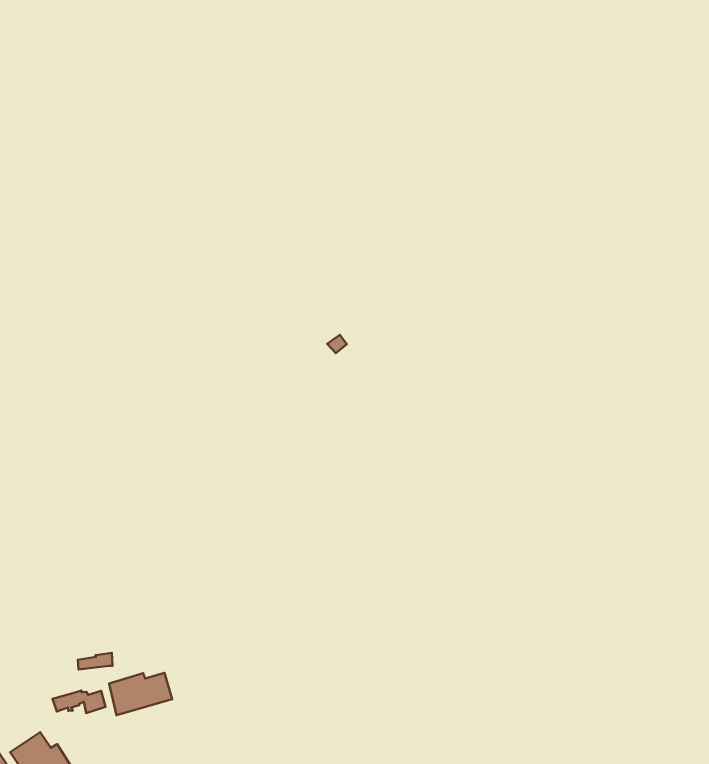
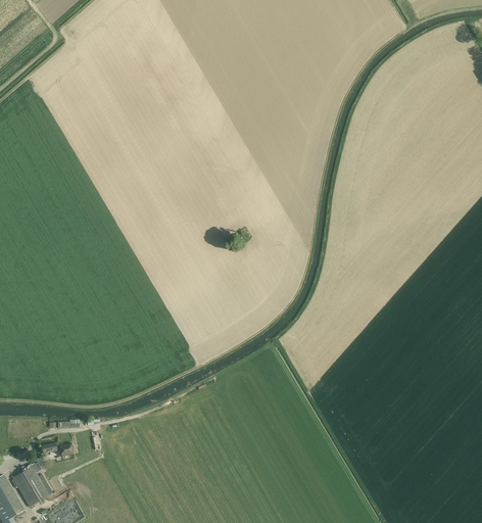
building: [109,673,172,715] -> none

